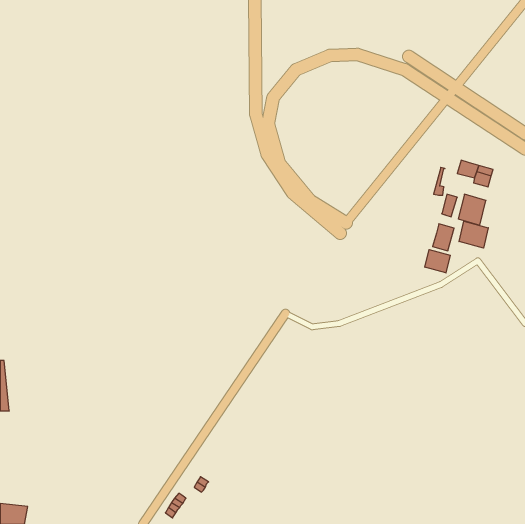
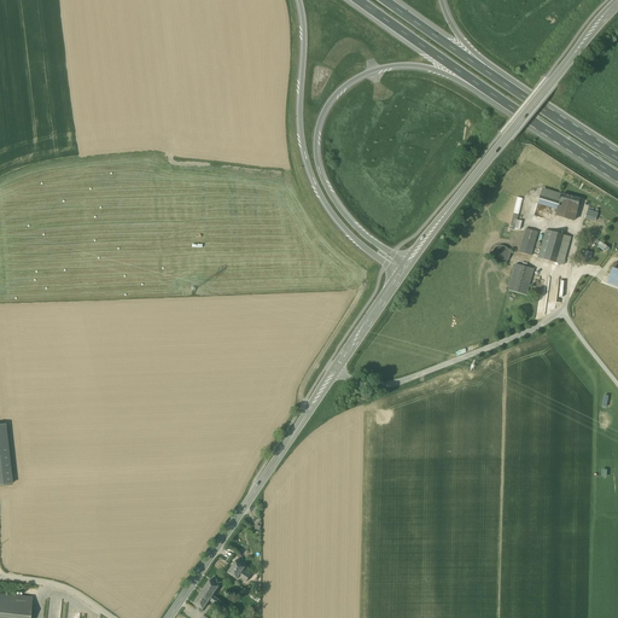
building: [459,221,488,248] -> none
building: [425,250,450,273] -> none

